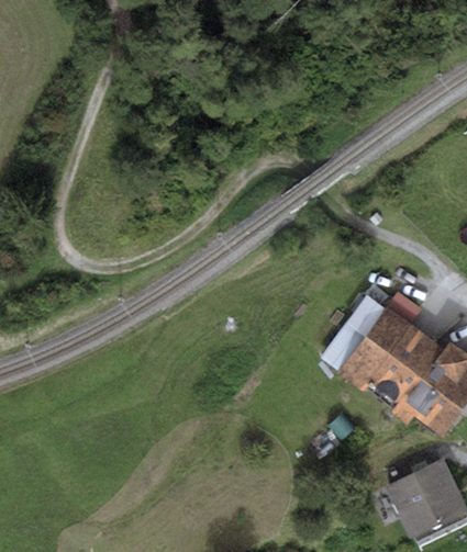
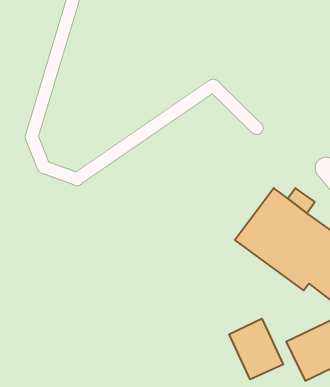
building: none -> [229,319,283,379]

